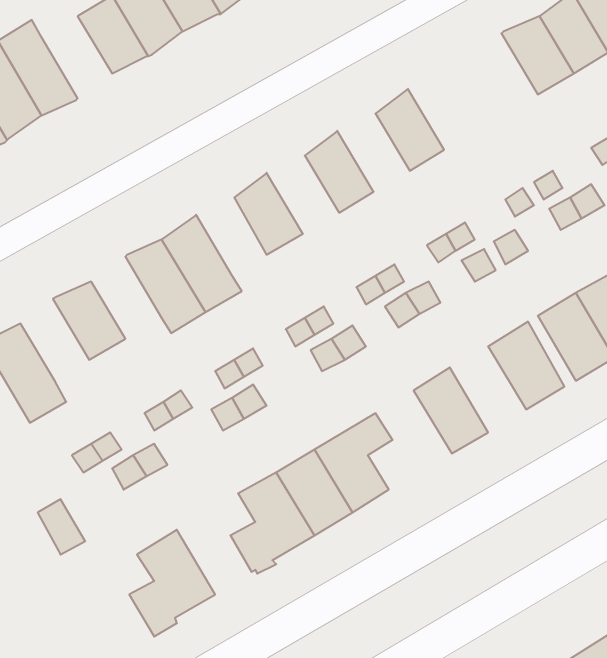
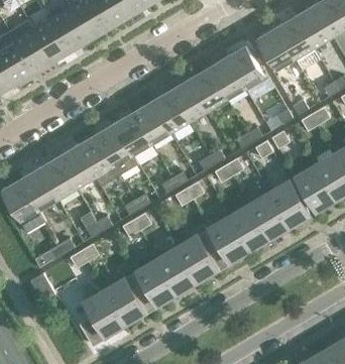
building: none -> [32,18,70,62]
building: none -> [257,27,295,73]
building: none -> [226,47,265,89]
building: none -> [189,70,227,111]
building: none -> [151,92,190,133]
building: none -> [114,114,151,155]
building: none -> [59,145,96,189]
building: none -> [21,167,58,211]
building: none -> [248,193,289,238]
building: none -> [205,216,249,270]
building: none -> [104,270,145,324]

